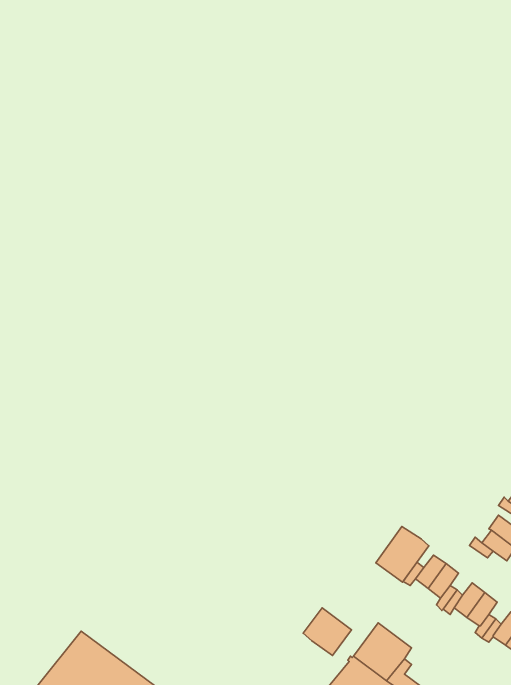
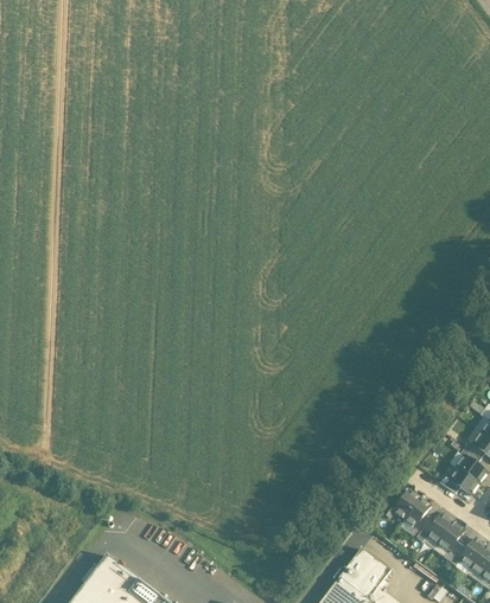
building: [376,526,429,582] -> none
building: [303,608,352,655] -> none

